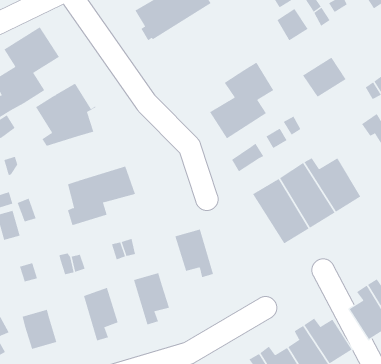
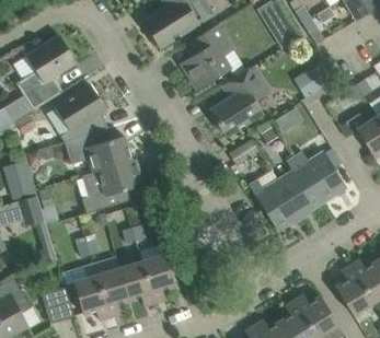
building: none -> [181,24,232,89]
building: none -> [64,133,135,173]
building: [175,229,214,278] -> [118,261,153,305]
building: none -> [72,276,108,319]

